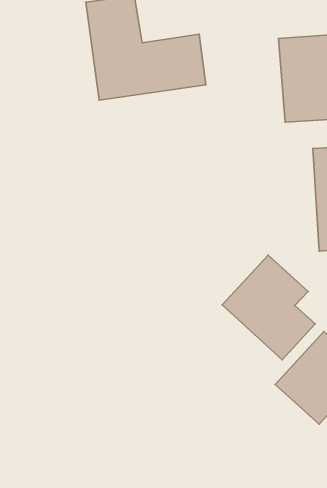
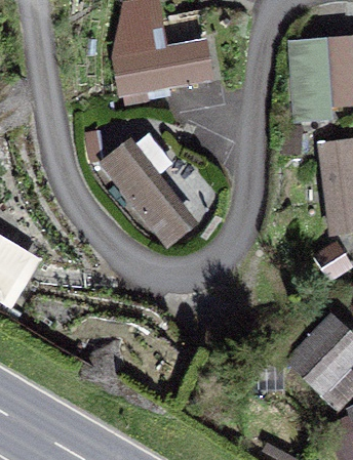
building: none -> [101,130,201,249]
building: [222,255,315,360] -> none

